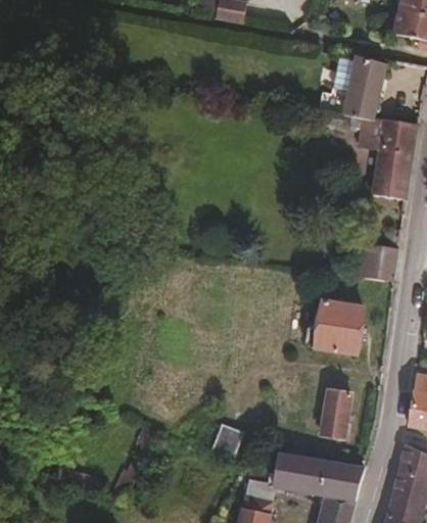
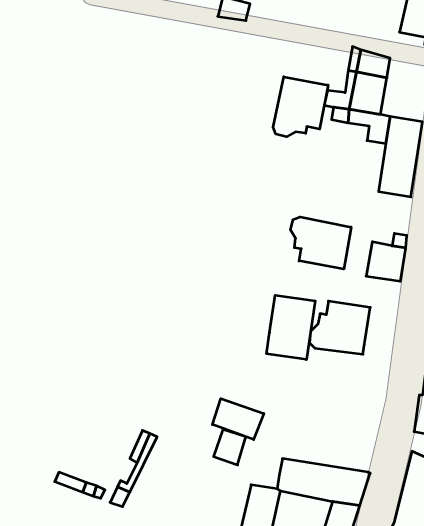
building: none -> [273,77,328,137]
building: none -> [290,217,351,269]
building: none -> [267,295,315,360]
building: [320,388,350,438] -> none
building: none -> [212,399,264,440]

